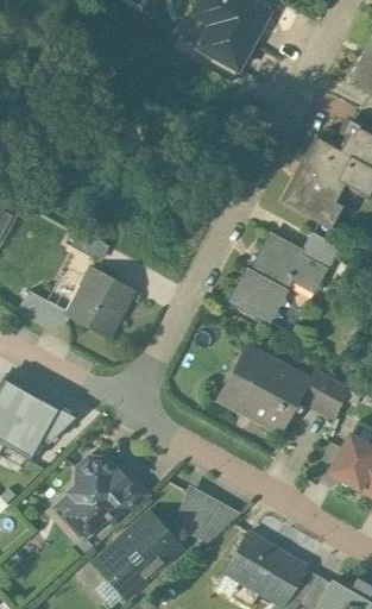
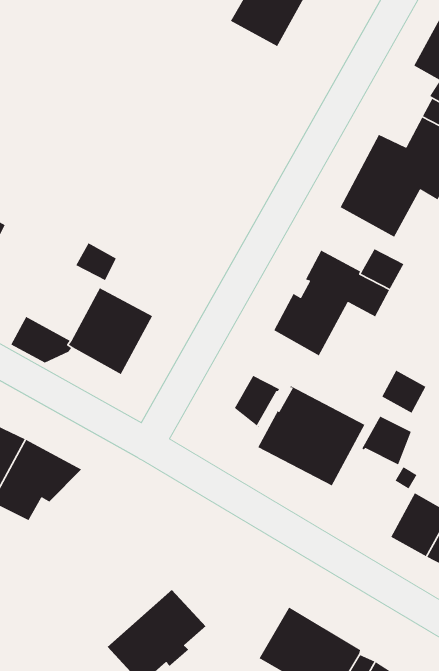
building: none -> [381,369,426,414]
building: none -> [234,375,280,428]
building: [63,459,147,535] -> none
building: [176,490,235,540] -> none

